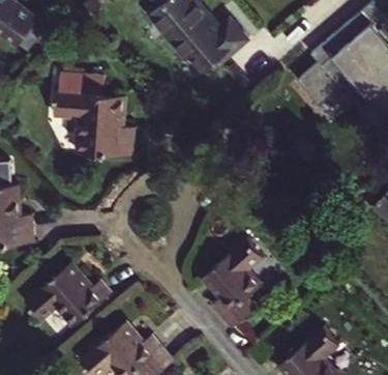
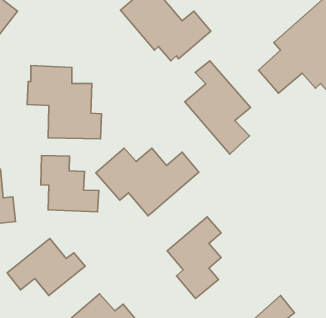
building: none -> [185,61,251,154]
building: none -> [96,148,199,216]
building: none -> [41,156,99,212]

